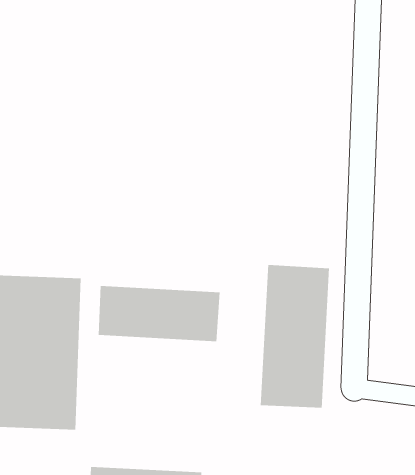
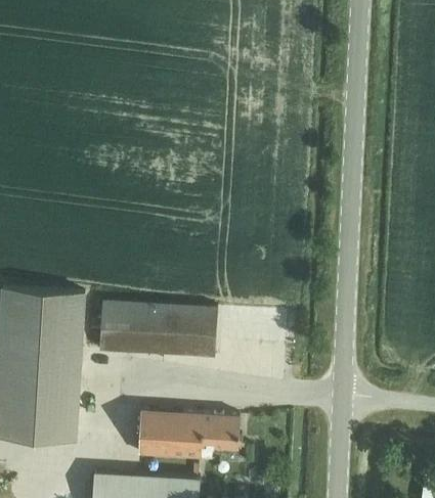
building: [260,264,330,408] -> none
building: none -> [137,412,238,460]

